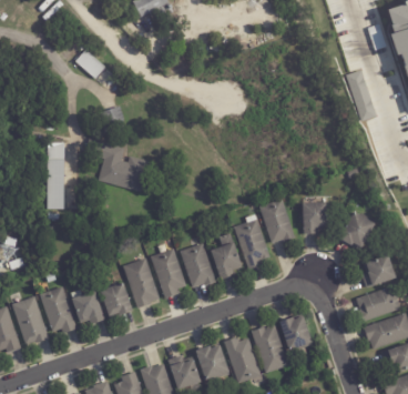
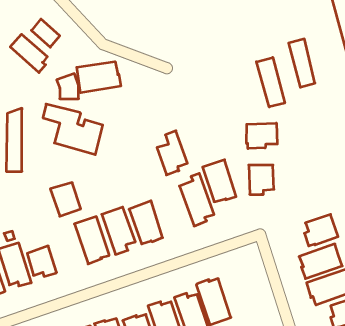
building: none -> [10,34,47,73]
building: none -> [256,57,285,107]
building: none -> [77,62,121,93]
building: none -> [247,123,277,149]
building: [340,213,376,250] -> none
building: [207,231,239,277] -> [157,131,187,175]
building: [96,282,129,317] -> [50,183,81,216]
building: [275,315,308,350] -> none

